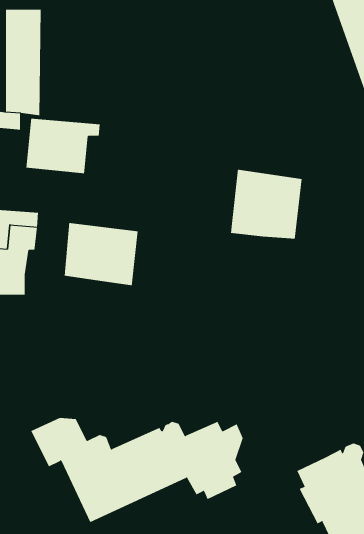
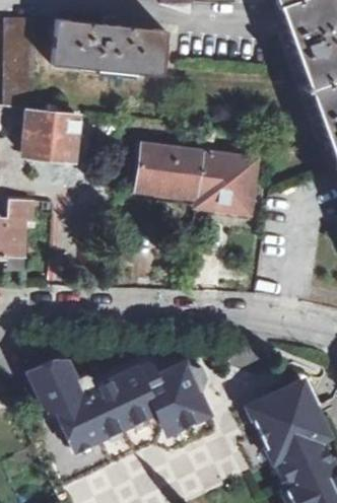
building: none -> [50,19,165,76]
building: [64,223,139,286] -> [137,145,200,198]

